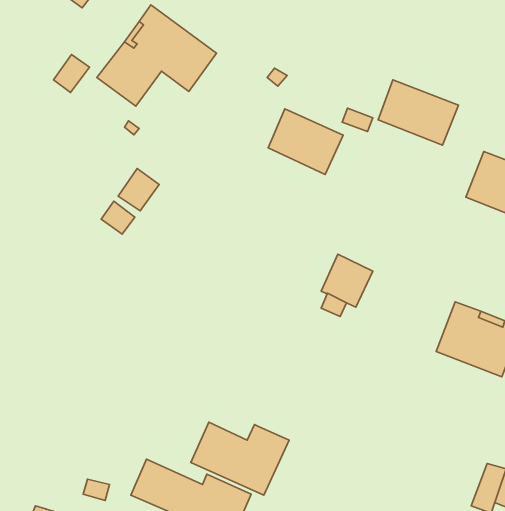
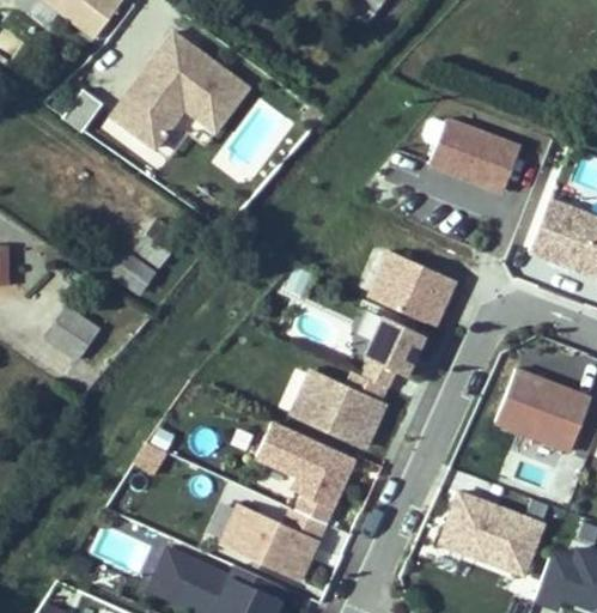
building: [268,109,343,174] -> [365,249,450,323]
building: none -> [47,305,98,358]
building: none -> [288,369,386,451]
building: none -> [256,423,358,524]
building: none -> [441,496,544,578]

